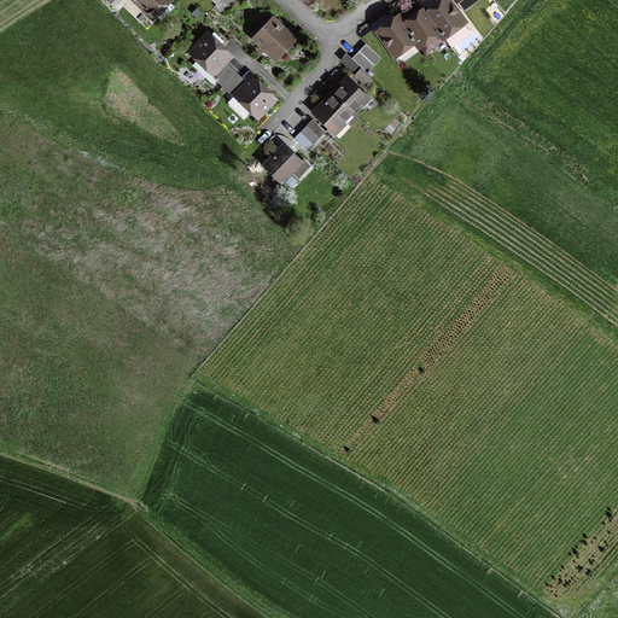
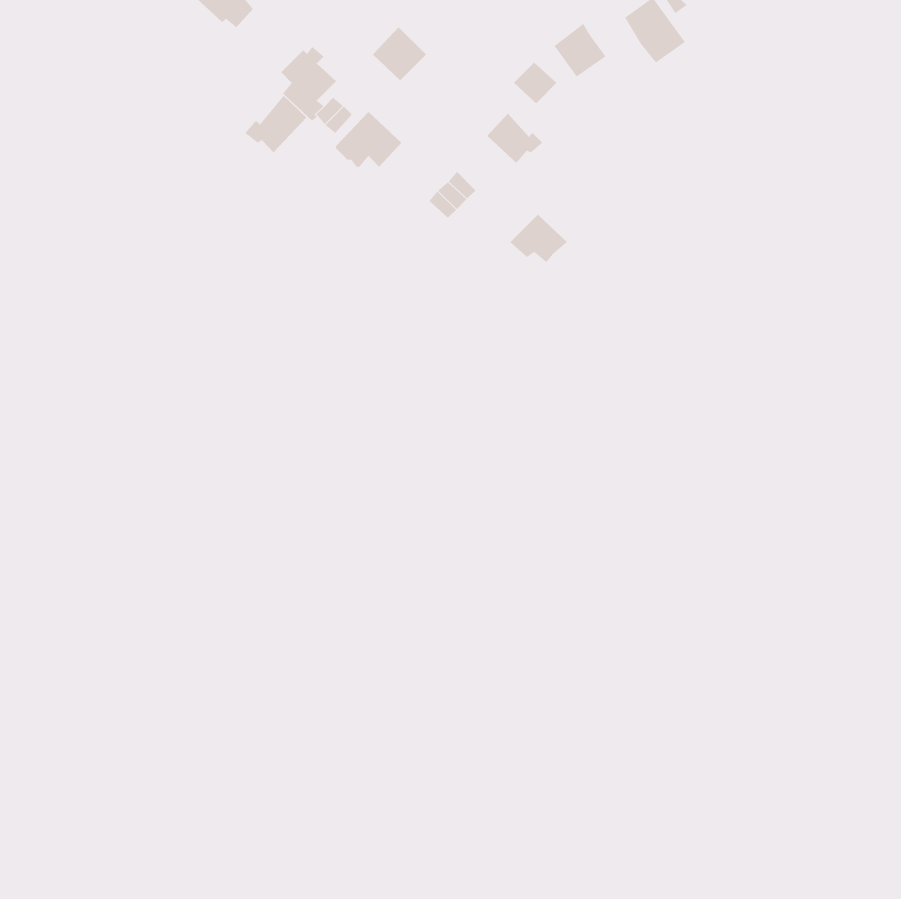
building: [404,8,438,45] -> none
building: none -> [244,95,307,153]
building: [314,93,354,127] -> [510,214,568,263]
building: [264,144,310,181] -> none

